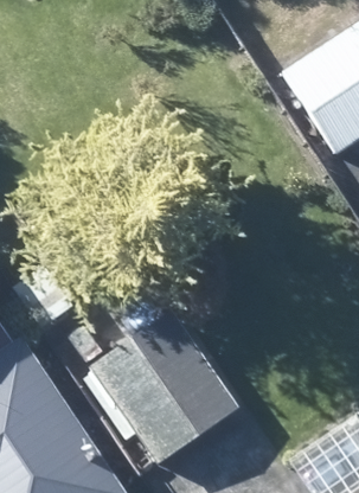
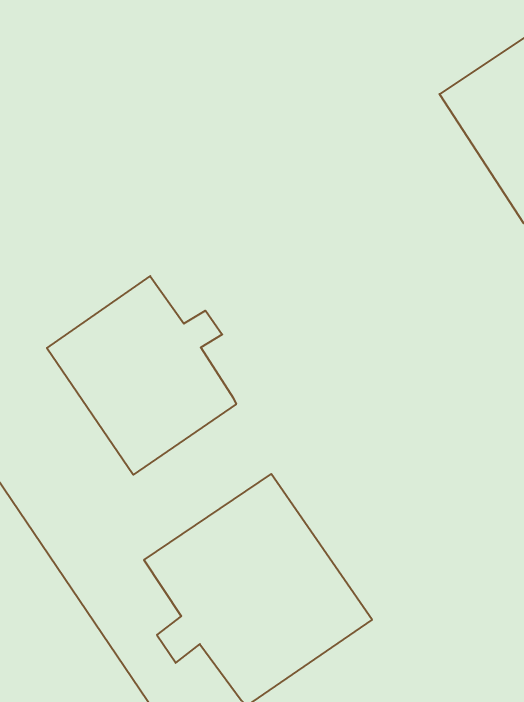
building: none -> [47,276,236,475]

